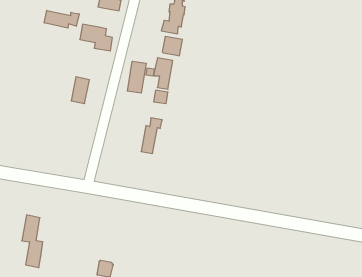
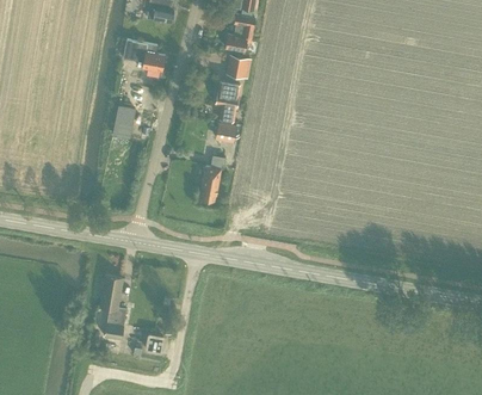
building: [44,10,79,28] -> none
building: [127,61,146,93] -> none
building: [22,215,43,268] -> [99,276,125,341]

